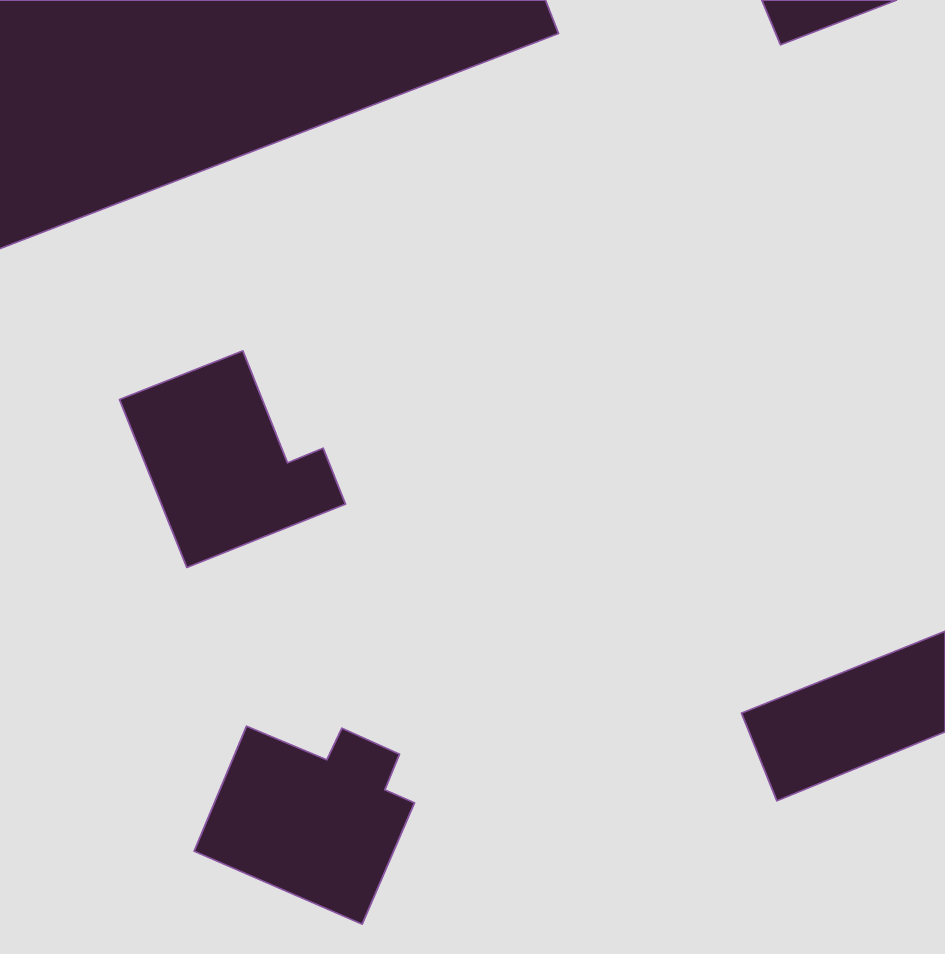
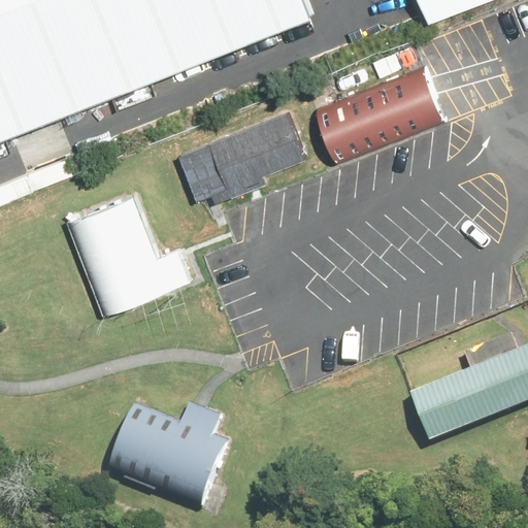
building: none -> [315,66,442,163]
building: none -> [177,112,305,201]

